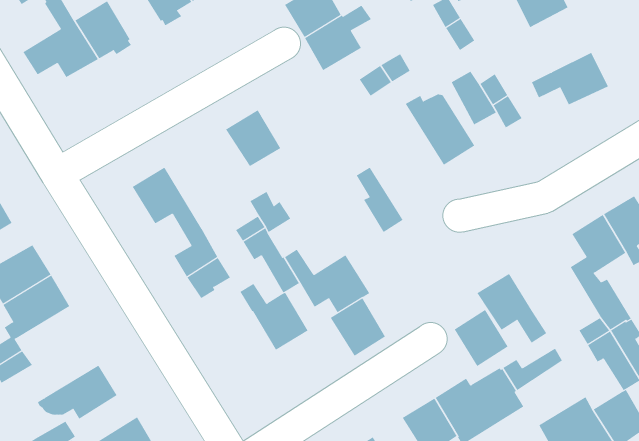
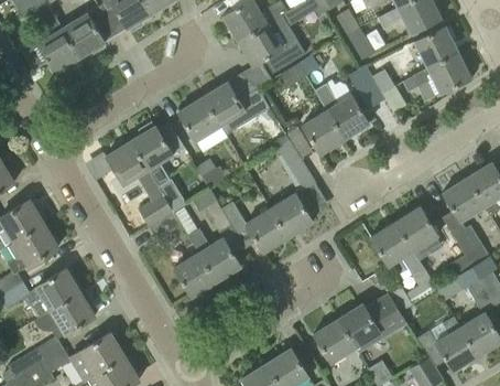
building: none -> [414,25,458,67]
building: none -> [203,81,270,136]
building: none -> [302,109,345,154]
building: none -> [131,121,173,187]
building: [330,298,386,356] -> [270,192,313,237]
building: [454,309,509,367] -> [395,206,437,250]
building: none -> [174,251,216,297]
building: none -> [30,268,80,318]

